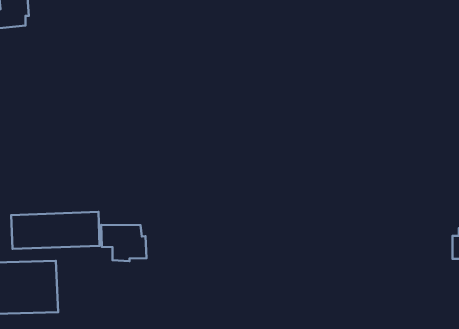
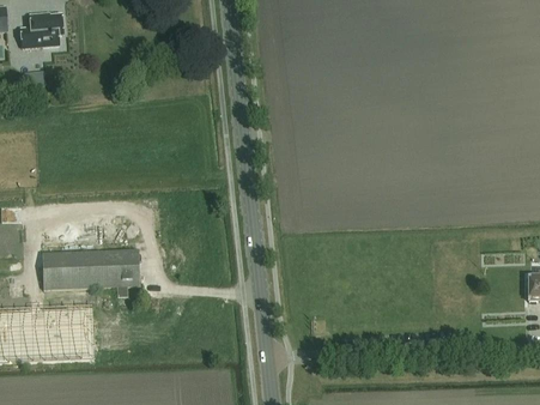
building: [101,225,146,261] -> none

